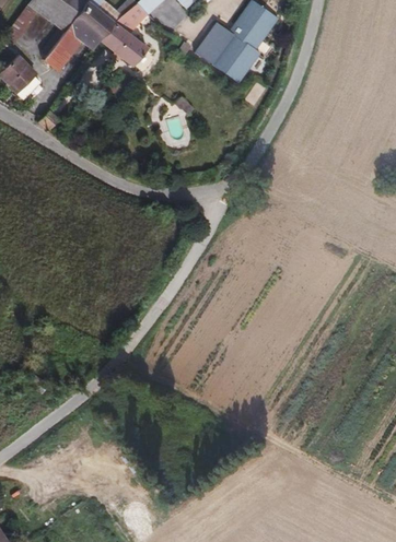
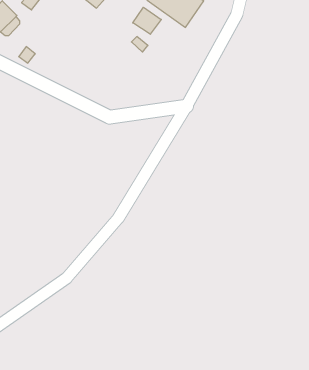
building: none -> [133,7,161,34]

